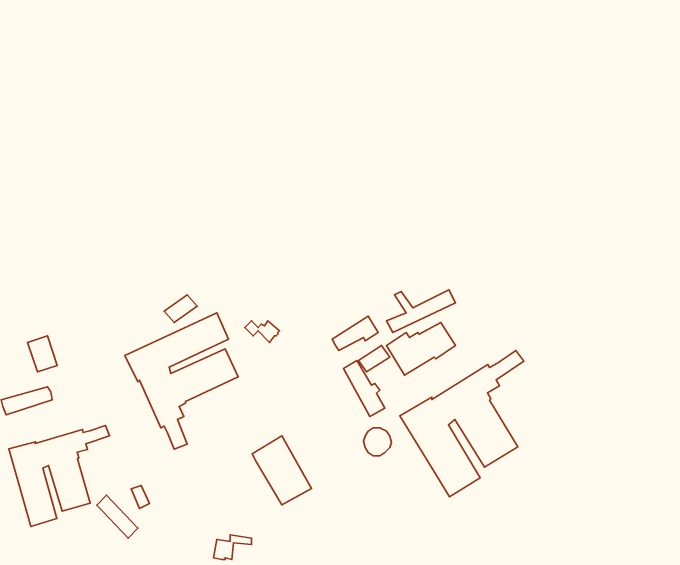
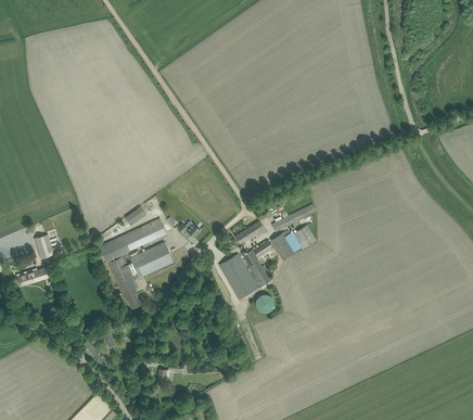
building: [400,351,524,497] -> none
building: [9,425,110,526] -> none
building: [252,436,311,505] -> [218,253,257,298]

